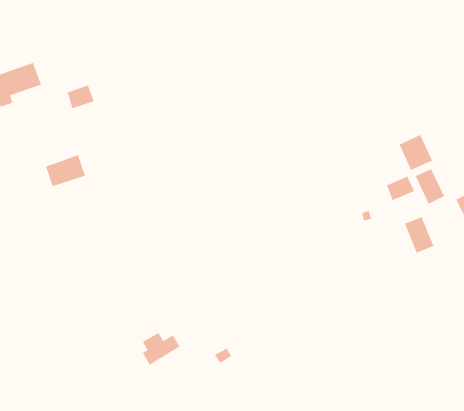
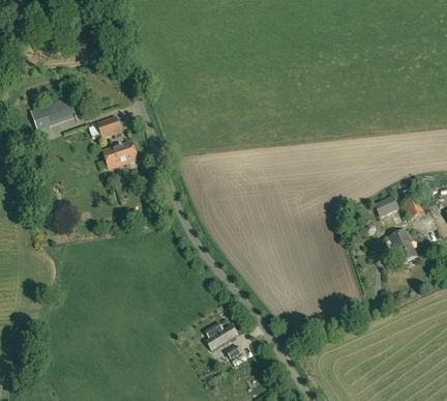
building: [399,134,433,171] -> none
building: [45,154,86,187] -> [103,141,139,169]
building: [142,332,180,366] -> [205,322,238,351]

